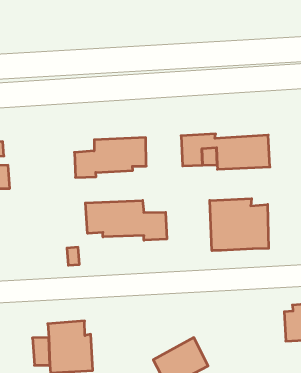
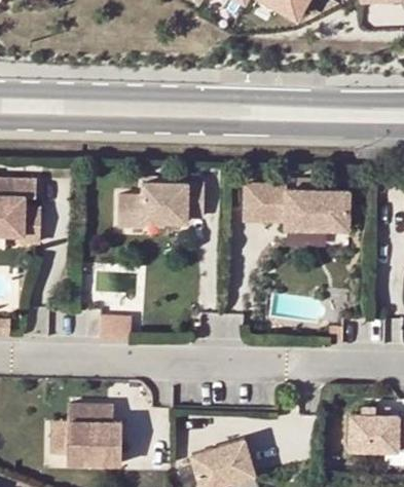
building: [210,199,269,251] -> none
building: [85,200,167,240] -> none

